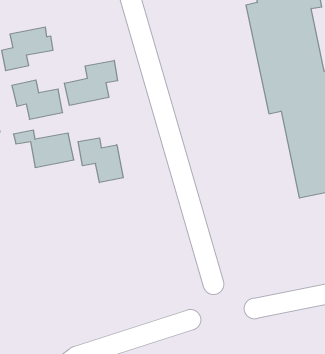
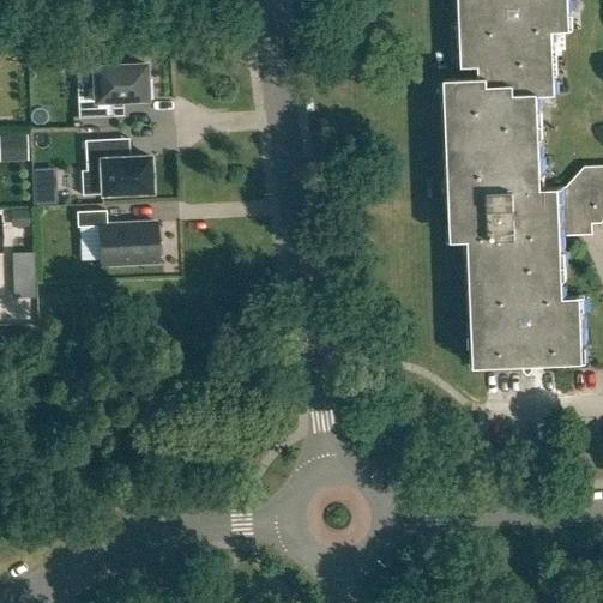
building: [64,60,118,105] -> none
building: [78,138,123,183] -> none

